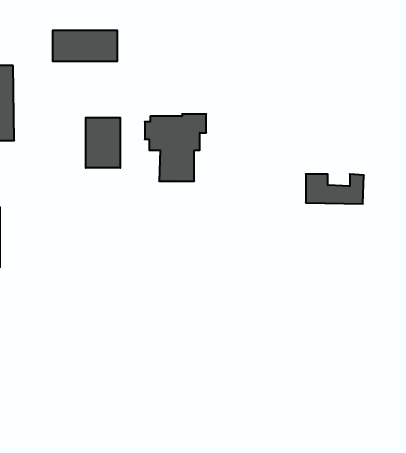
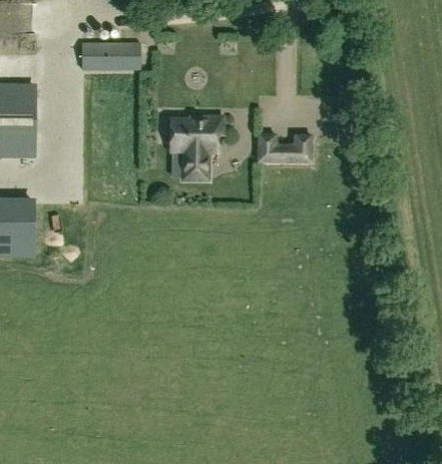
building: [86,118,120,168] -> none
building: [306,174,364,204] -> [257,136,310,163]

